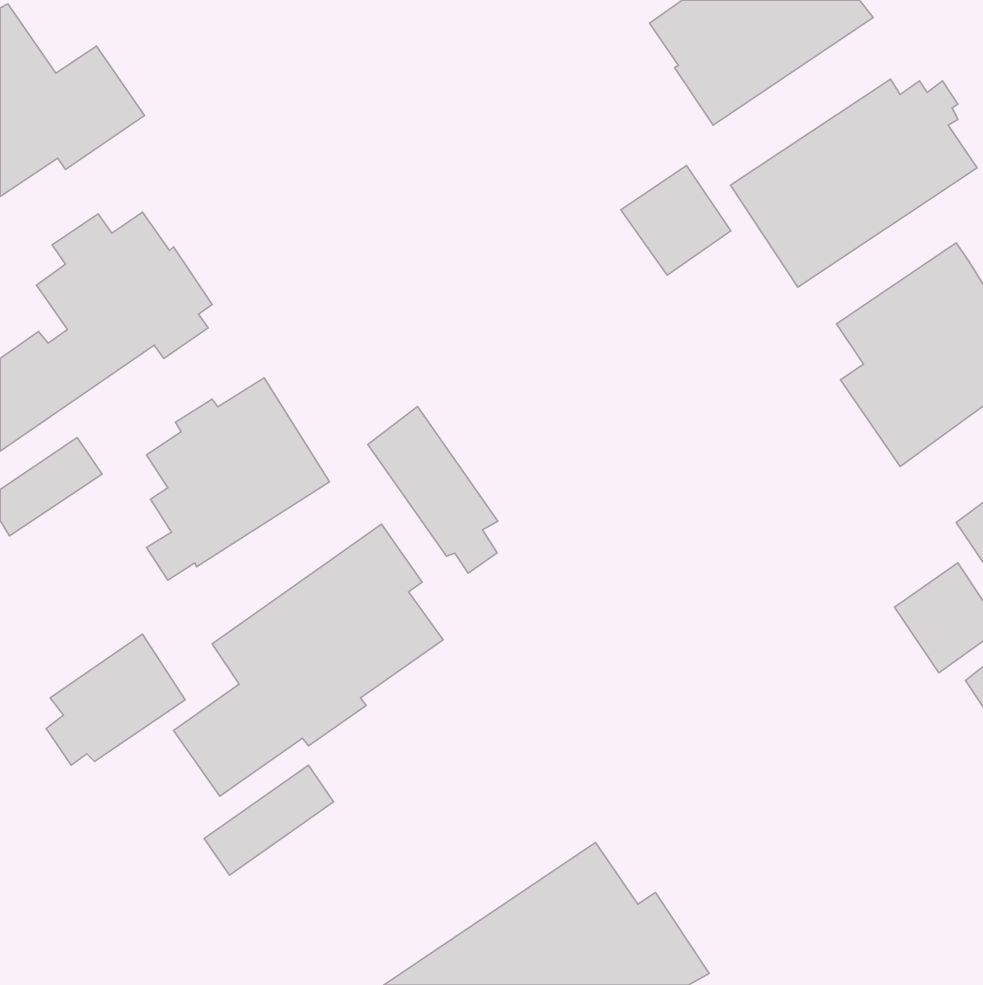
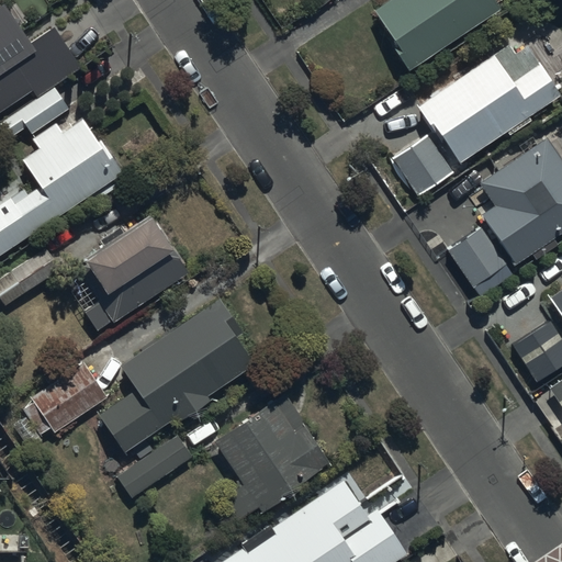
building: [621,165,731,275] -> [390,135,452,198]
building: none -> [446,228,505,289]
building: [368,407,498,573] -> none
building: none -> [213,394,328,521]

